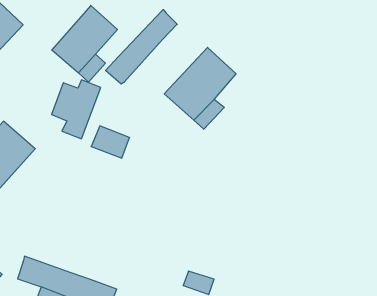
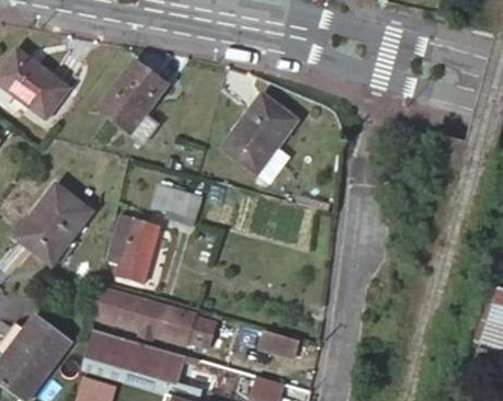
building: [106,10,177,84] -> none
building: [52,80,101,139] -> [106,220,156,282]
building: none -> [91,288,194,343]

